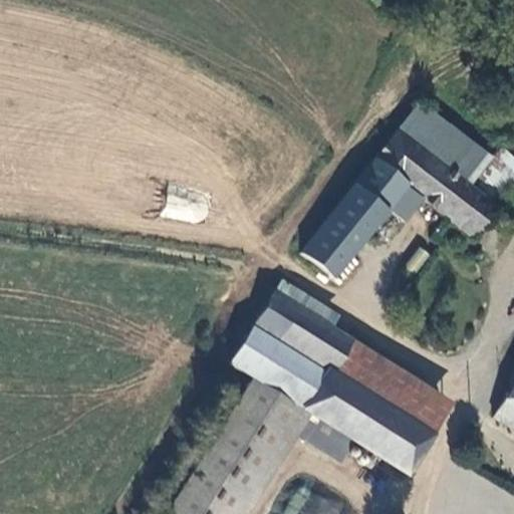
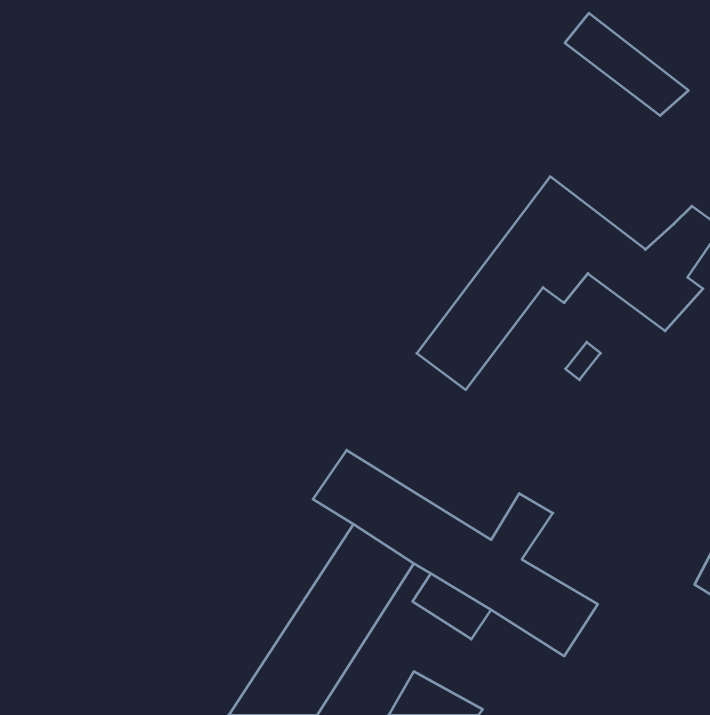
building: [399,105,487,179] -> [565,13,688,116]
building: [253,291,376,387] -> none
building: [378,367,454,433] -> none

